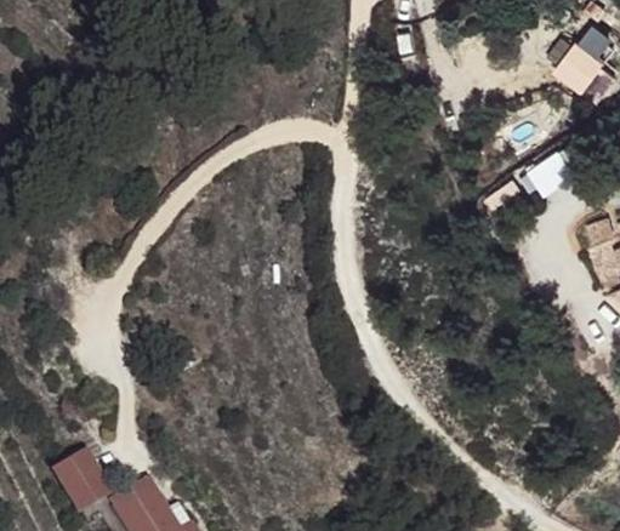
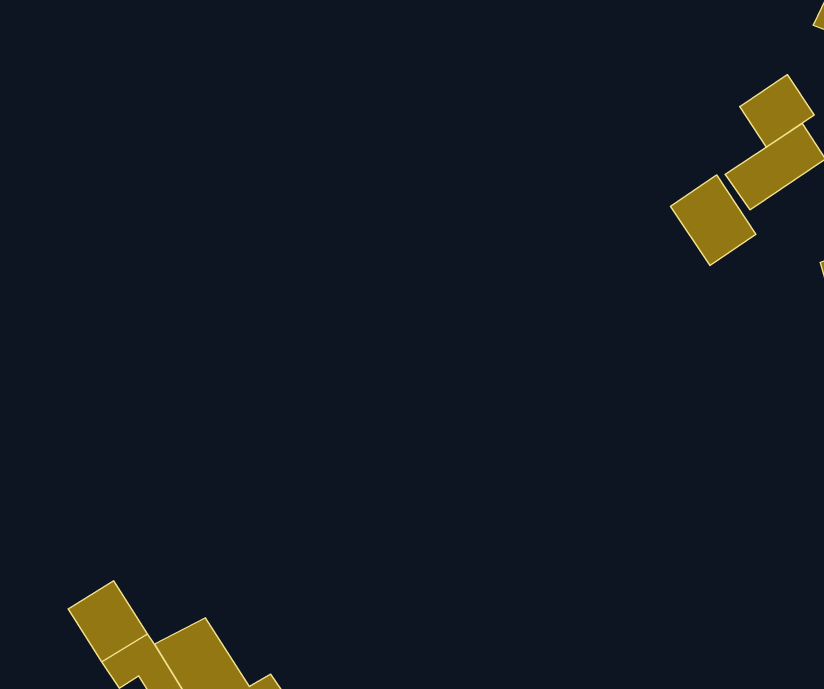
building: none -> [740,75,814,147]
building: none -> [671,175,756,266]

